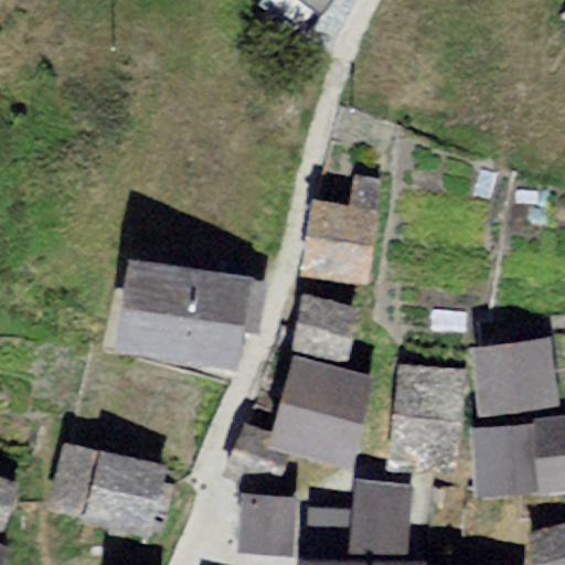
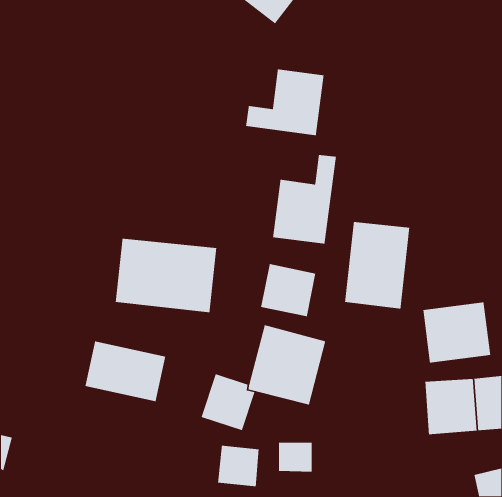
building: none -> [245,69,325,136]
building: [388,365,462,465] -> [344,221,410,310]
building: [70,457,161,526] -> [85,340,166,402]
building: [352,479,412,551] -> none

